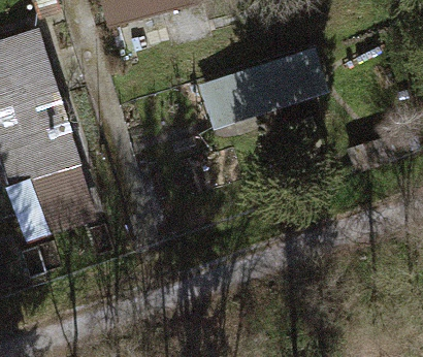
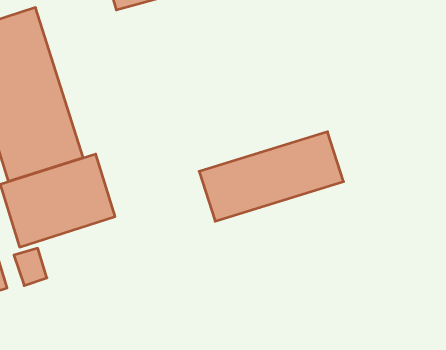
building: [198,50,329,131] -> [199,132,344,221]

